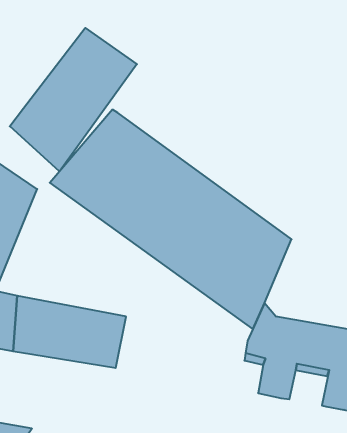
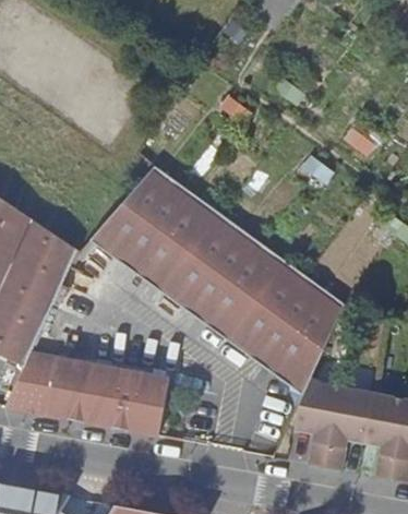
building: [10,28,137,171] -> none

